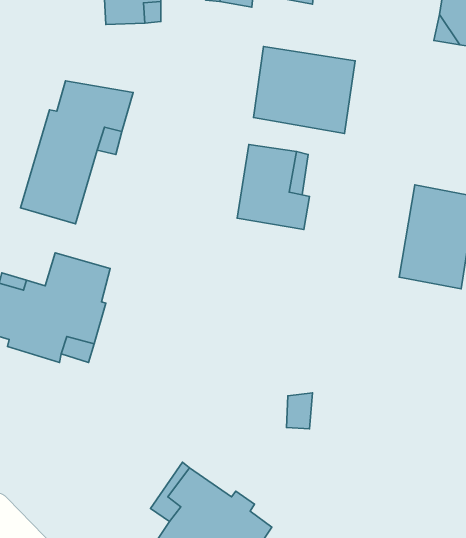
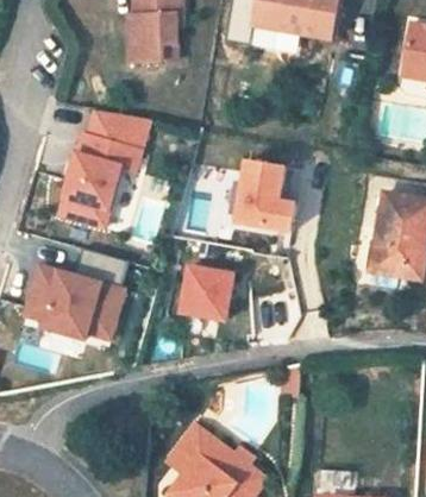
building: [253,46,355,134] -> none
building: none -> [177,265,233,319]

